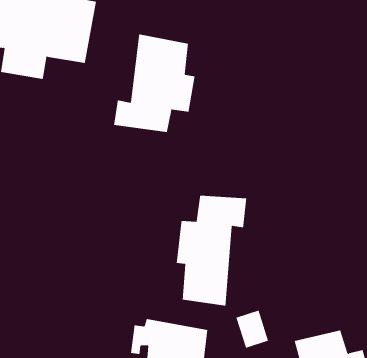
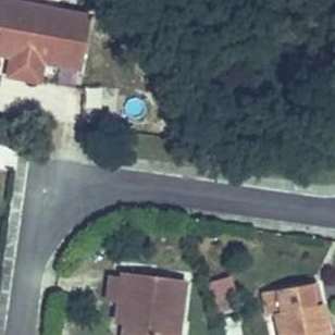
building: [113,34,195,133] -> none
building: [176,195,247,307] -> none

